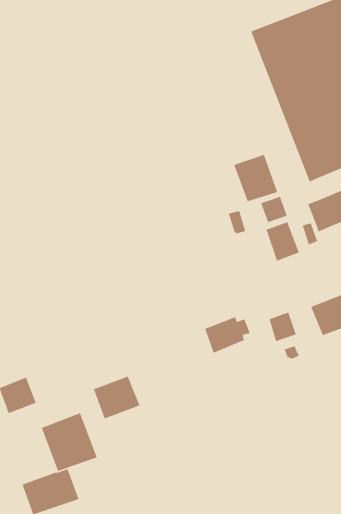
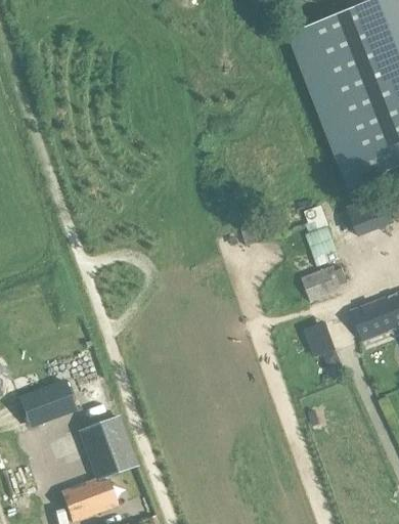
building: [233,154,278,202] -> none
building: [204,316,251,354] -> [301,265,348,303]
building: [93,375,140,419] -> none

